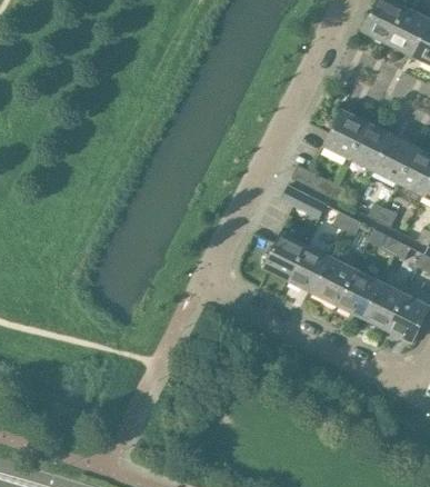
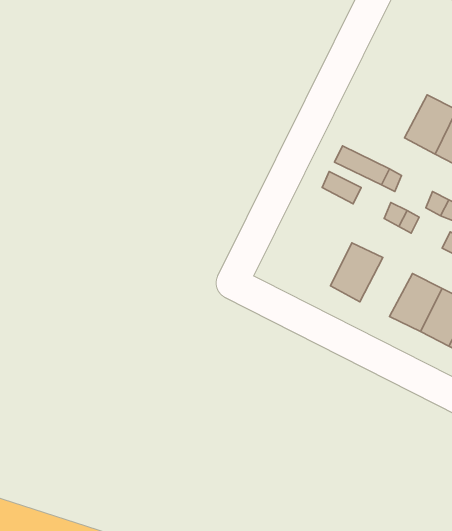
building: [323,109,368,158] -> none
building: [262,231,306,280] -> none
building: [312,257,356,306] -> none

